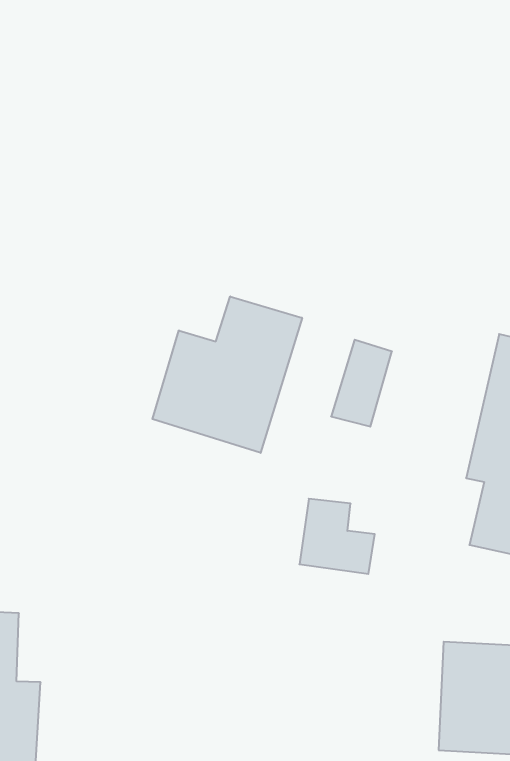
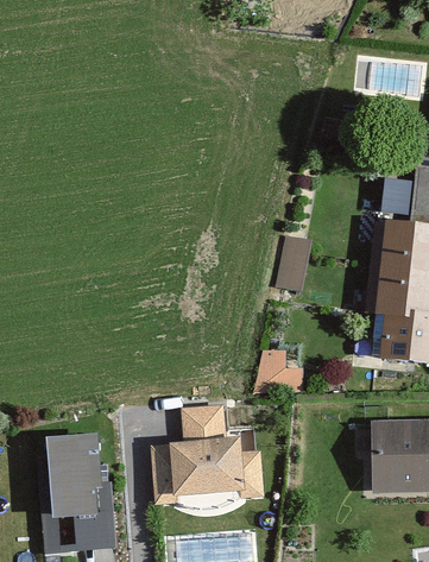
building: [152,296,302,453] -> none
building: none -> [154,406,263,503]

